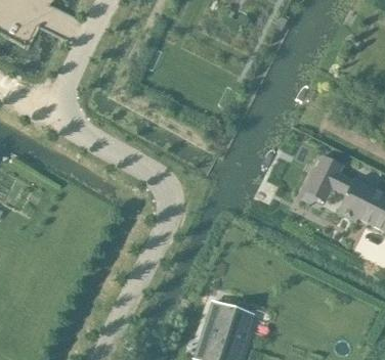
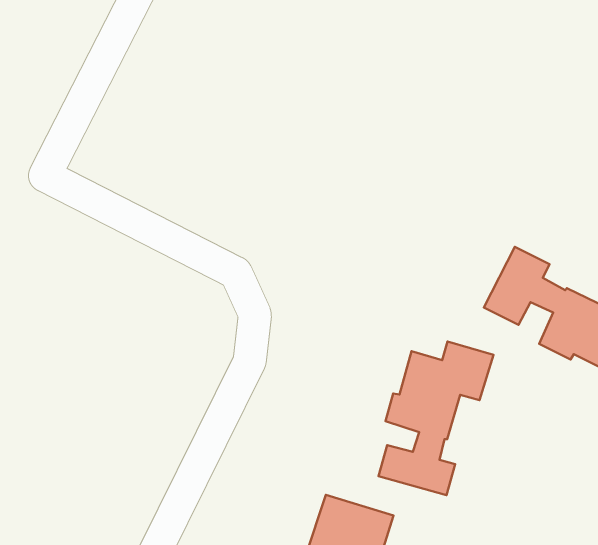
building: none -> [379,342,494,495]

